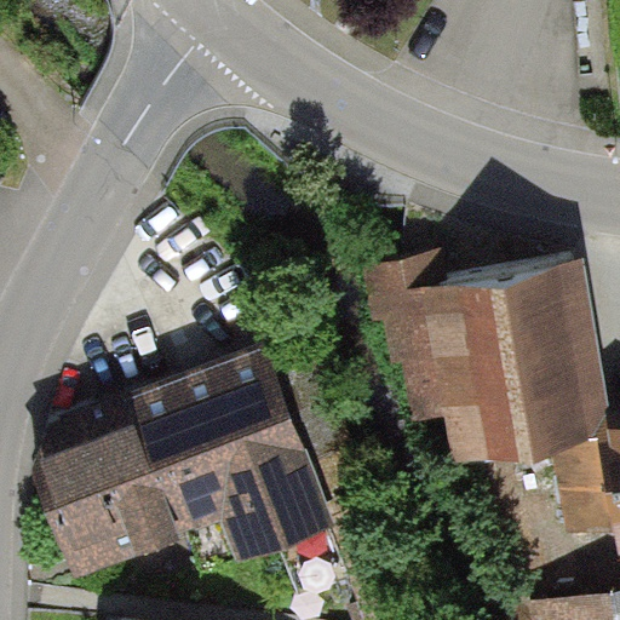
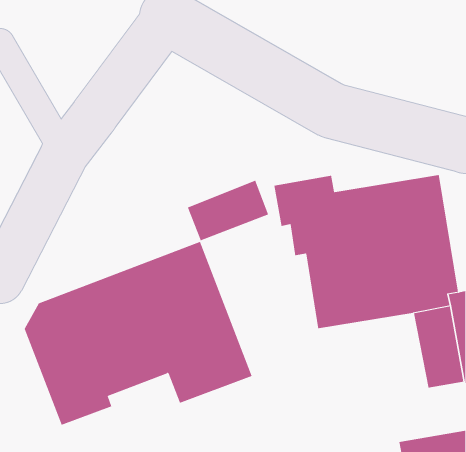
building: none -> [187,180,269,241]

